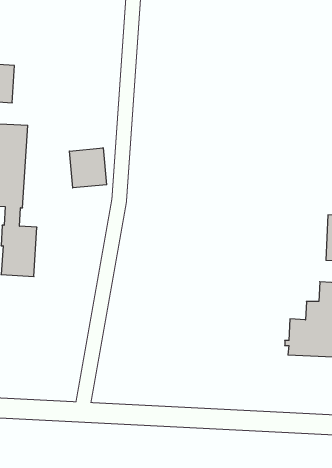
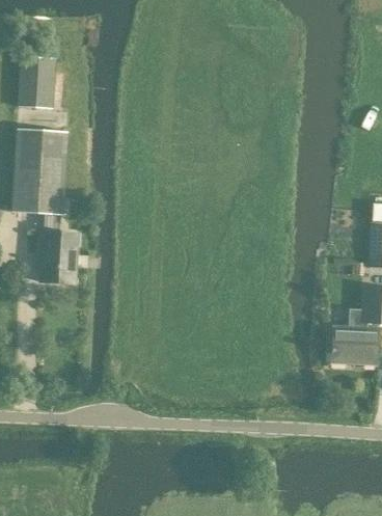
building: [69,148,107,188] -> none

